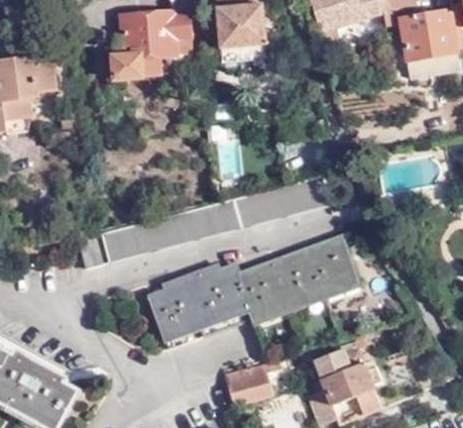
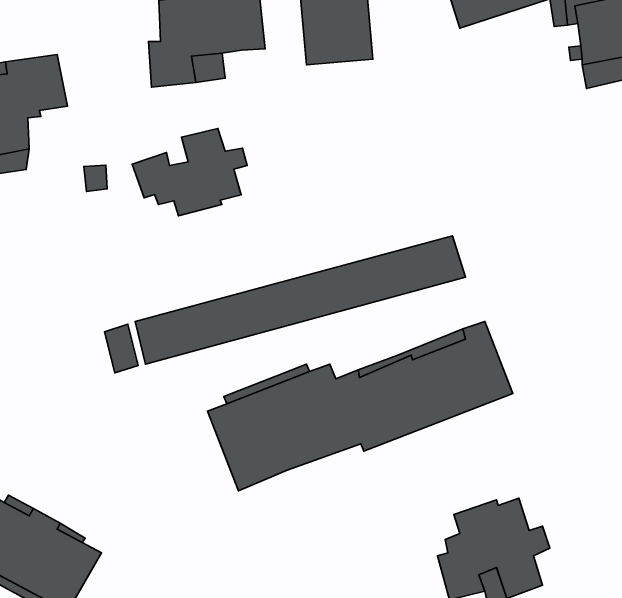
building: none -> [132,128,247,216]
building: [229,359,286,406] -> none

